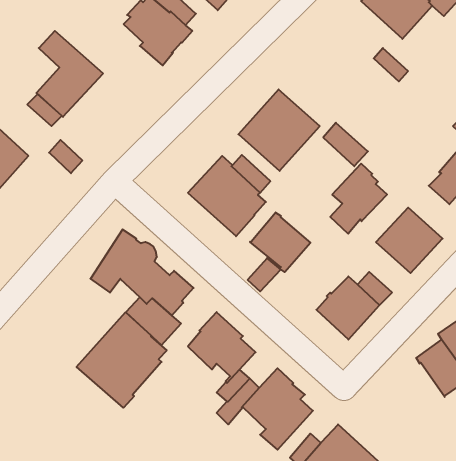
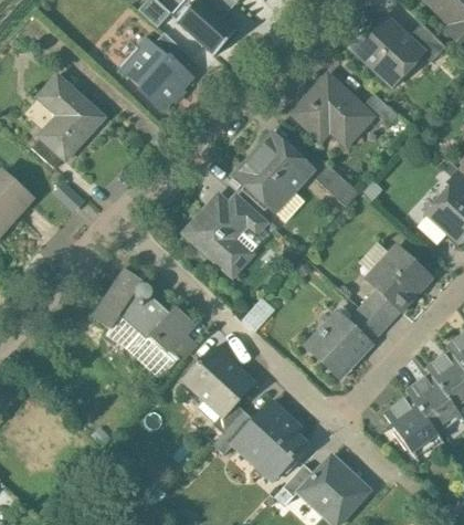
building: none -> [292,74,372,145]
building: [330,164,387,234] -> none
building: [250,212,310,272] -> none
building: none -> [360,290,400,328]
building: [77,312,167,408] -> none
building: none -> [384,396,437,451]

